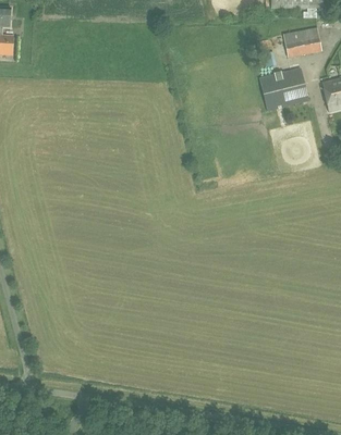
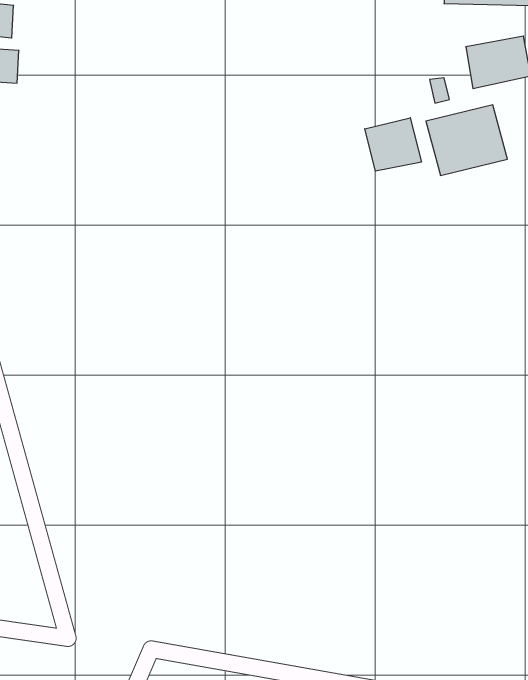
building: none -> [365,118,421,171]

